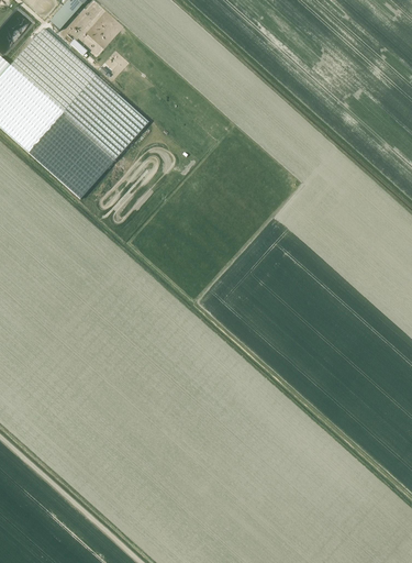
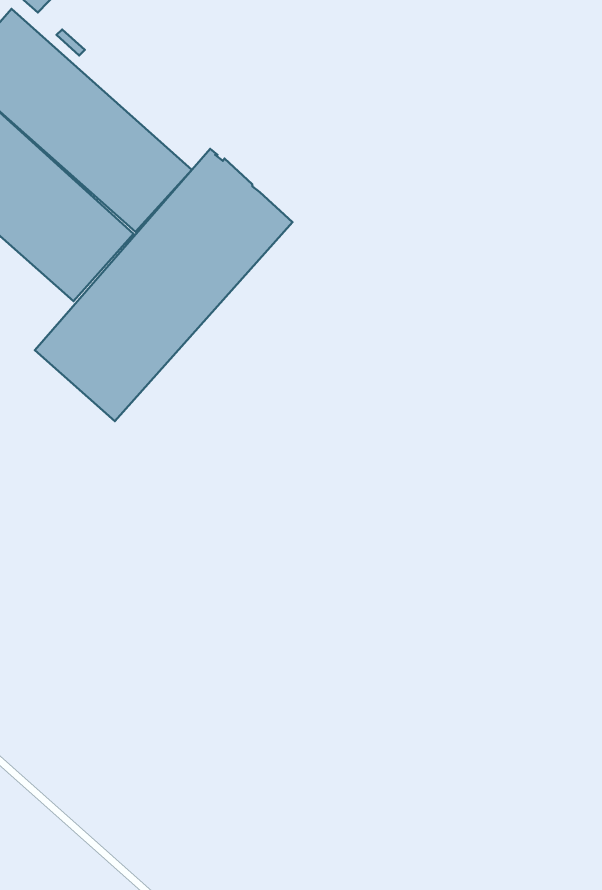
building: none -> [35,149,293,421]

